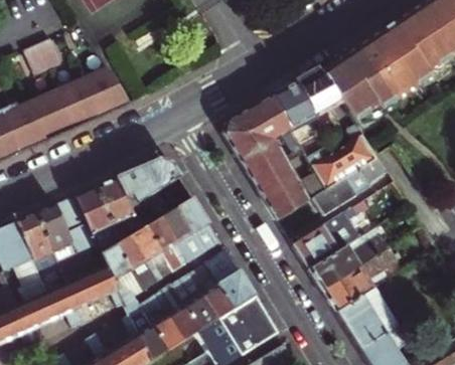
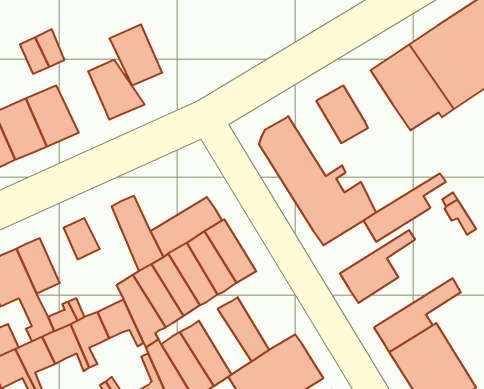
building: [297,70,339,114] -> none
building: [51,71,97,124] -> [109,24,162,85]
building: [250,97,306,161] -> none
building: [308,125,380,192] -> none
building: [118,159,182,208] -> none
building: [75,187,122,254] -> none
building: [37,205,80,263] -> none
building: [310,227,391,291] -> none
building: [206,251,256,310] -> none
building: [173,275,218,331] -> none

